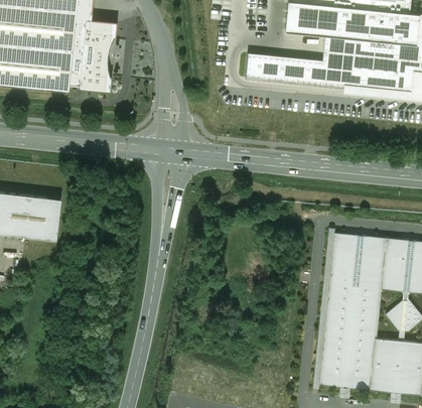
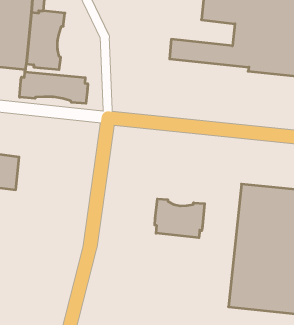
building: none -> [20,72,88,103]
building: none -> [155,199,205,238]

